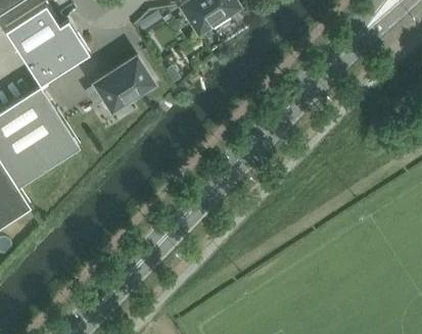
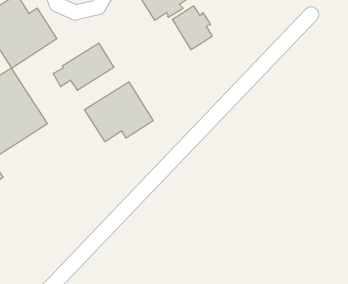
building: none -> [172,6,212,50]
building: none -> [85,82,153,142]

